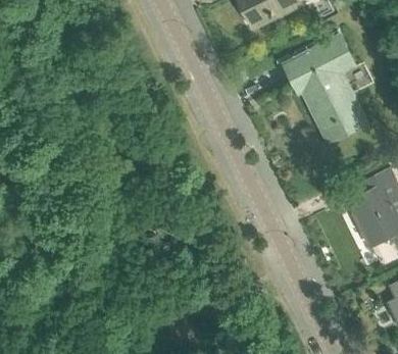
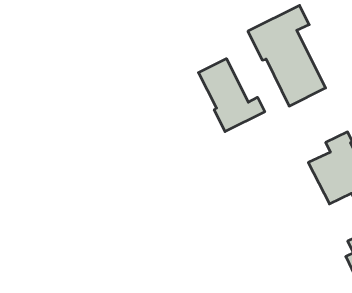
building: none -> [198,59,265,132]

